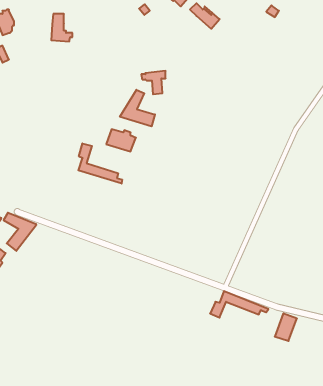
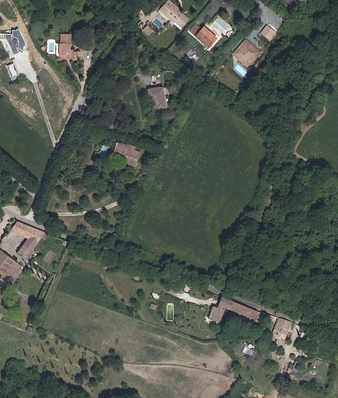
building: none -> [231,39,259,67]
building: [120,90,155,126] -> none
building: [78,143,122,184] -> none

